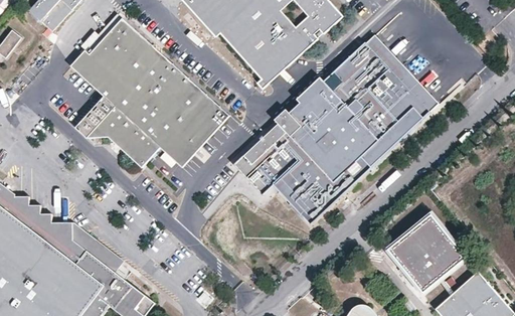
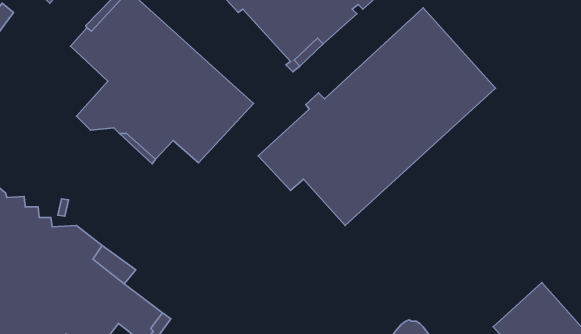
building: [388,213,468,293] -> none

